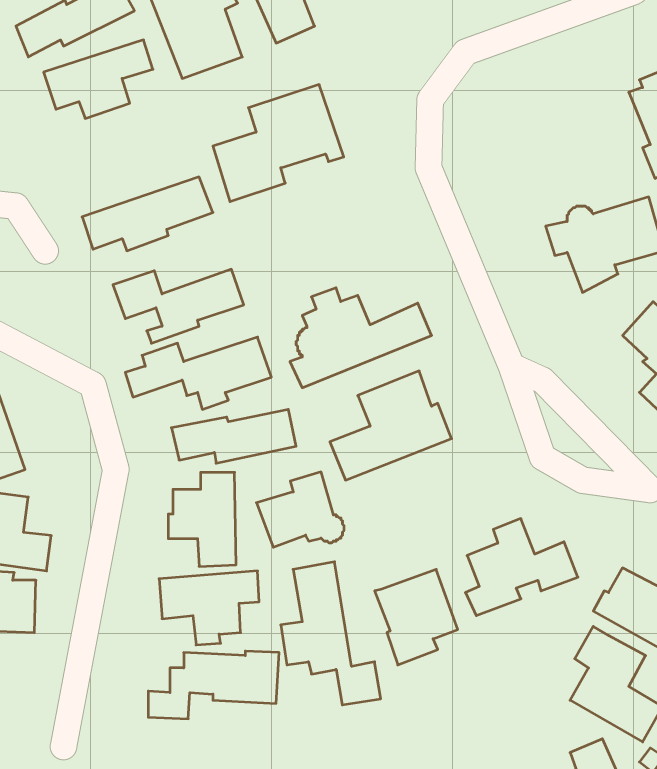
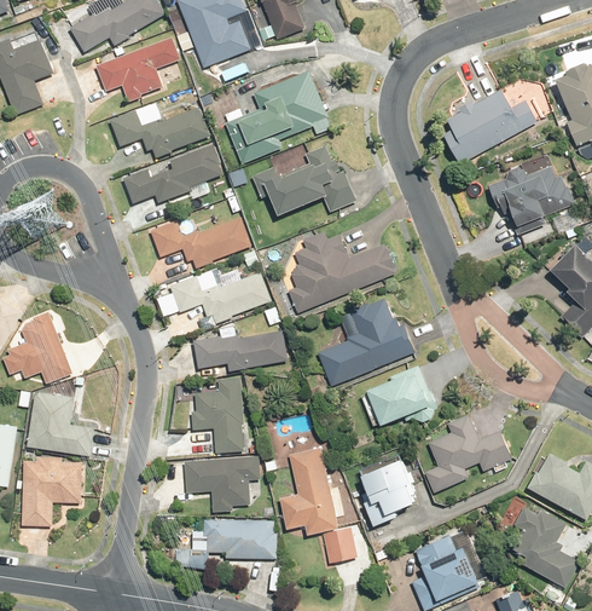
building: none -> [436,90,536,163]
building: none -> [109,103,211,157]
building: none -> [251,145,354,215]
building: [256,472,344,547] -> [364,367,433,426]
building: none -> [414,536,476,604]

